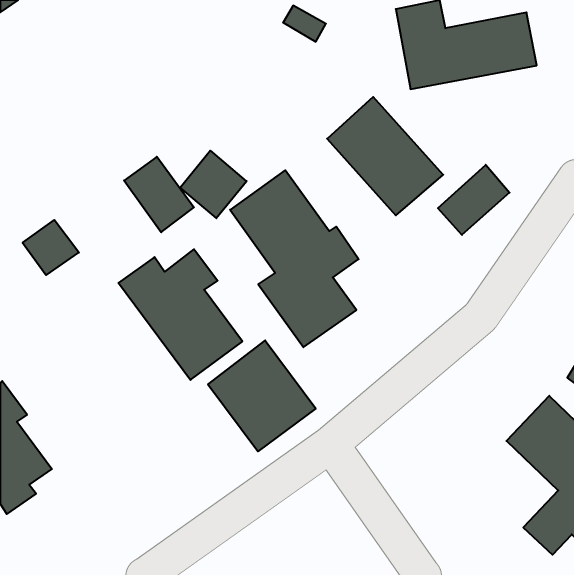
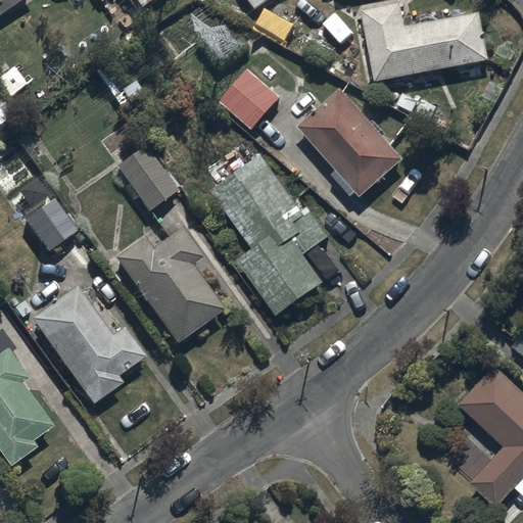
building: [180,151,247,218] -> [219,68,279,130]
building: [438,165,510,235] -> none
building: none -> [30,285,143,403]
building: [208,340,316,451] -> none

